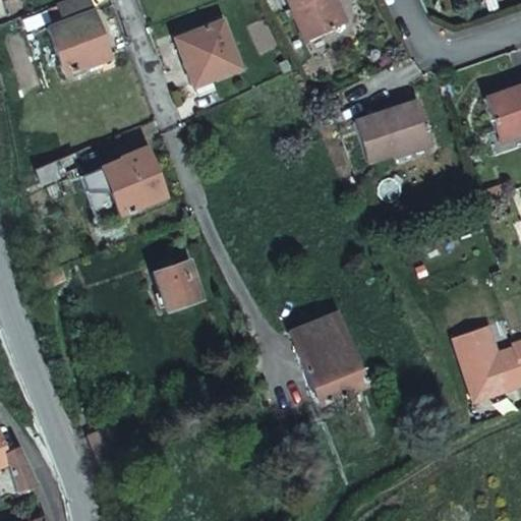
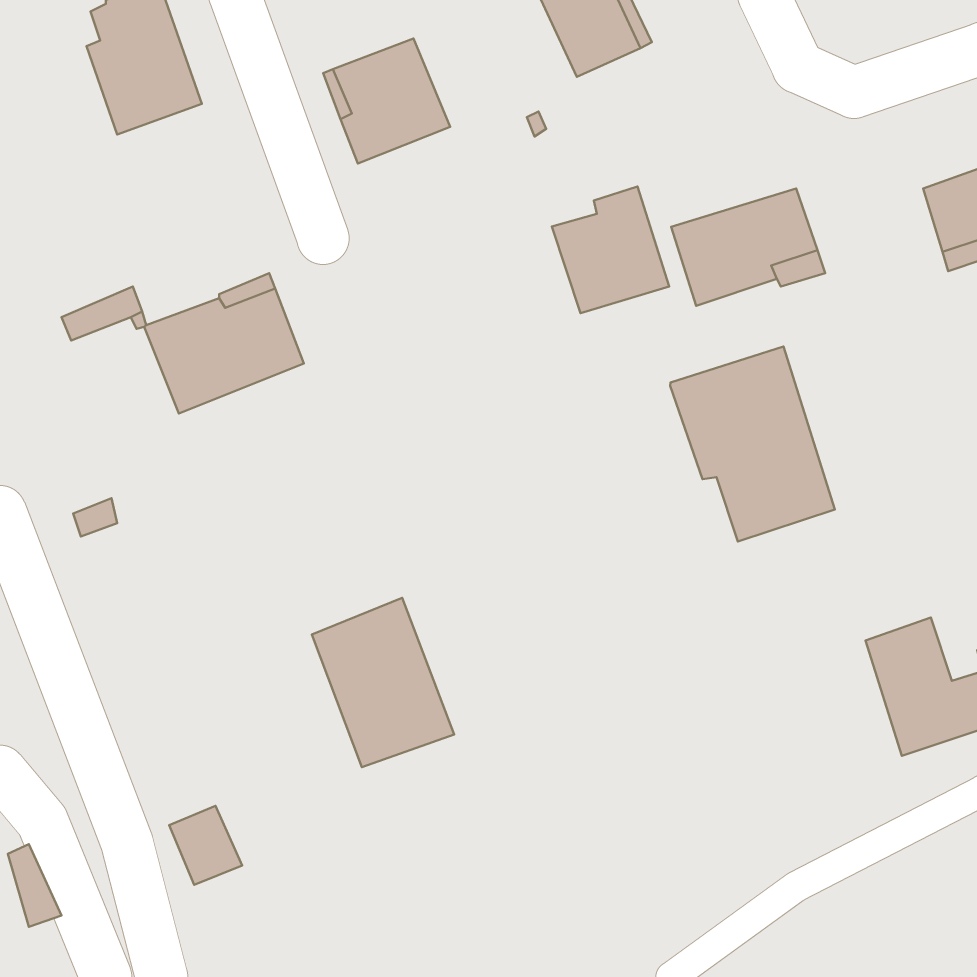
building: none -> [552,187,669,313]
building: none -> [670,347,835,542]
building: [154,256,202,306] -> none
building: [288,312,363,402] -> [312,598,454,767]

